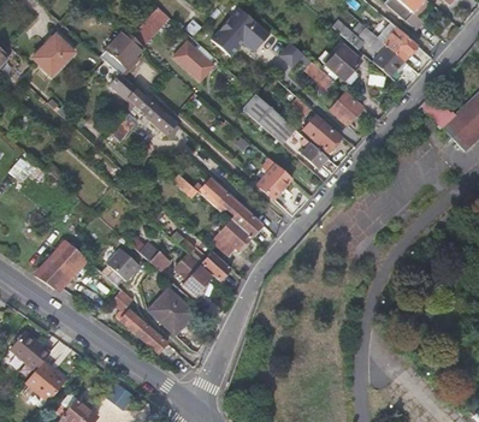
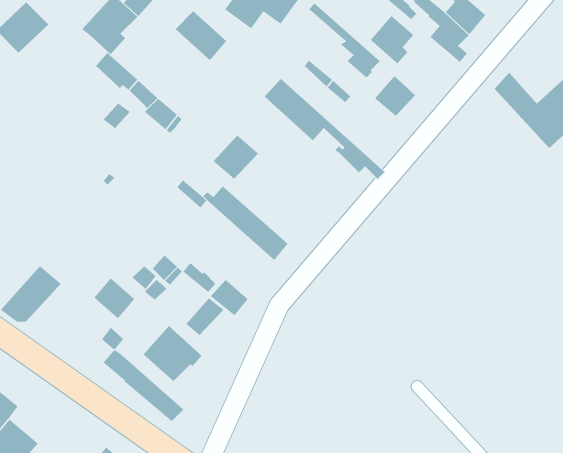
building: [302,114,341,151] -> none
building: [256,164,292,198] -> [213,135,259,179]
building: [212,219,252,255] -> none

